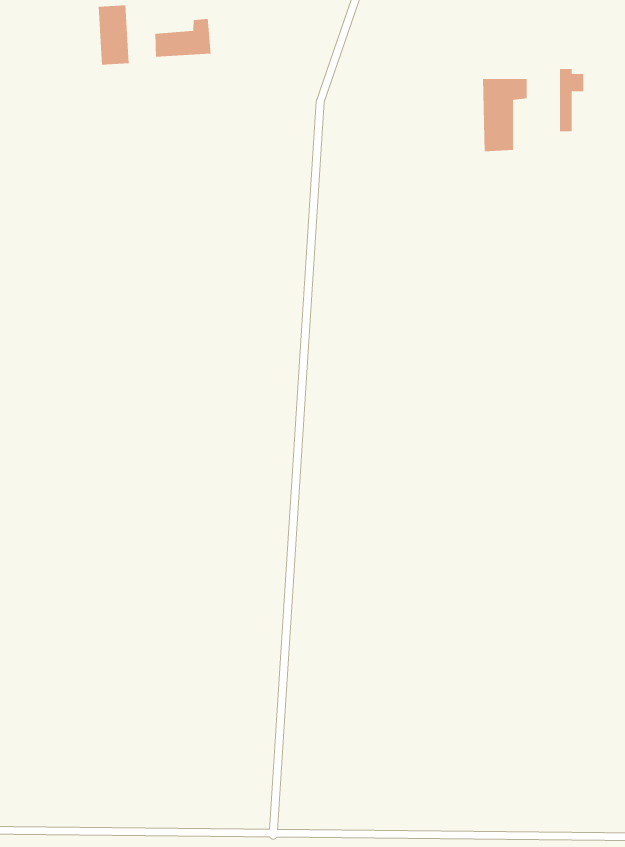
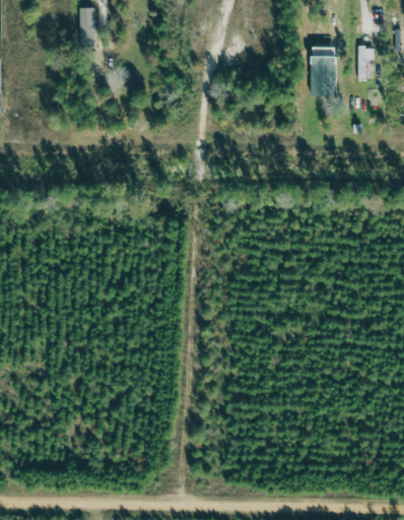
building: [155,18,211,57] -> none

